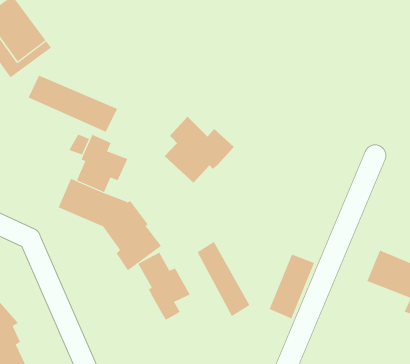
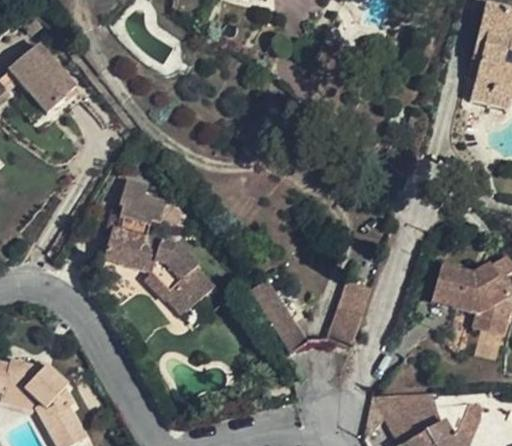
building: [28,75,118,133] -> none
building: [164,116,234,184] -> none
building: [138,252,191,321] -> none

